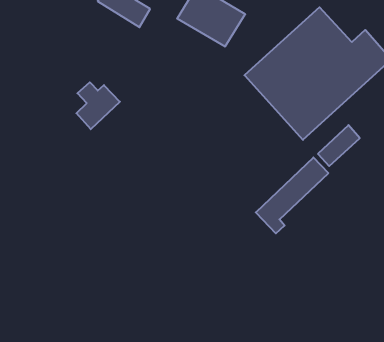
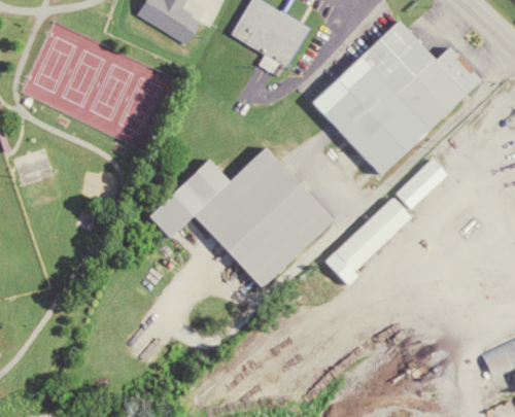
building: [76,82,120,129] -> none
building: none -> [148,146,334,287]

